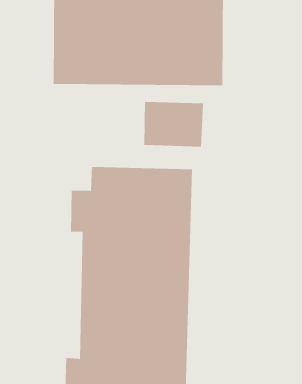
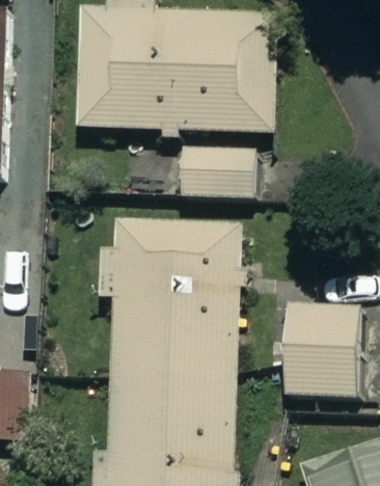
building: none -> [284,301,357,393]

